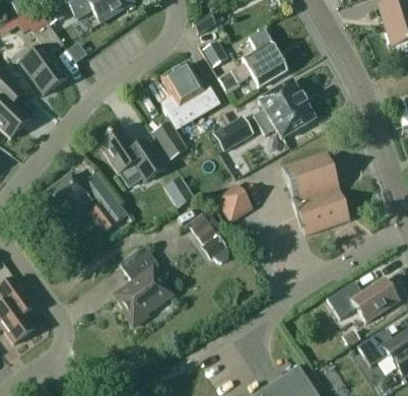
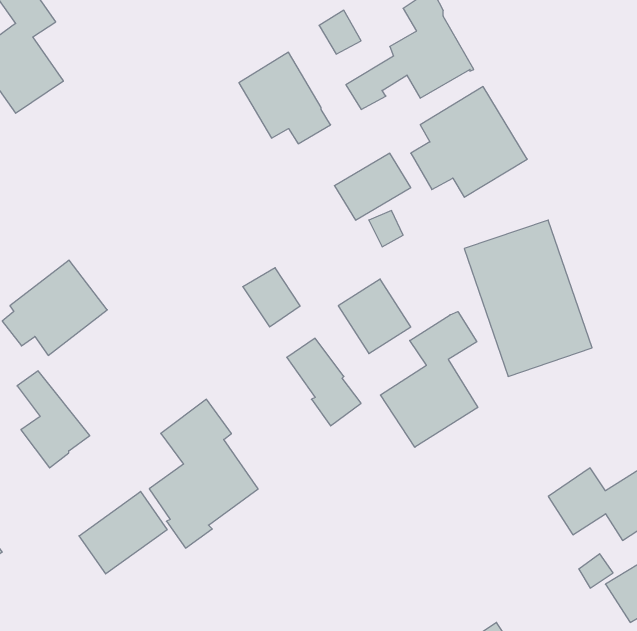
building: [151,121,188,160] -> none
building: [97,126,164,181] -> none
building: [88,179,127,230] -> [17,371,90,468]
building: none -> [380,312,478,447]
building: none -> [79,491,167,574]

